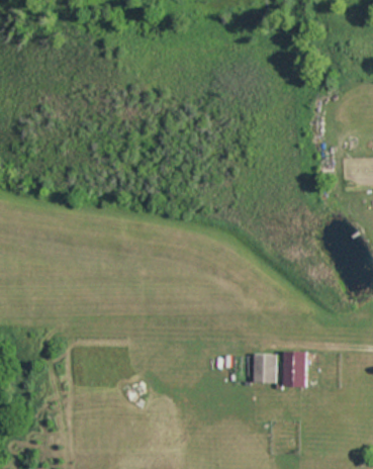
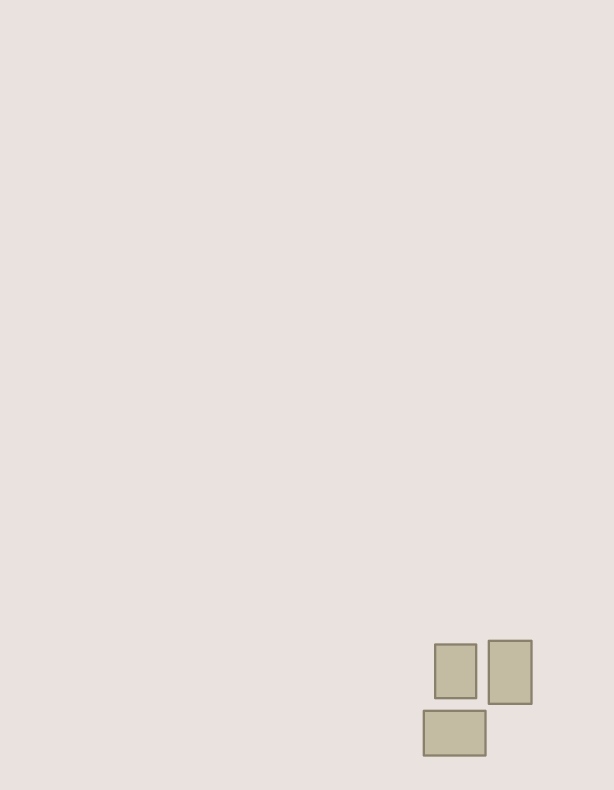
building: none -> [424,711,485,755]

